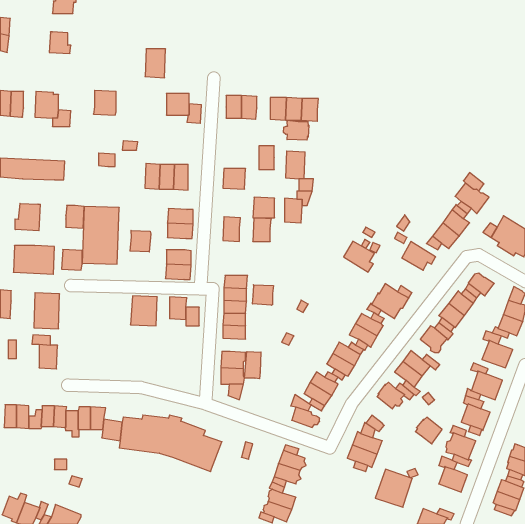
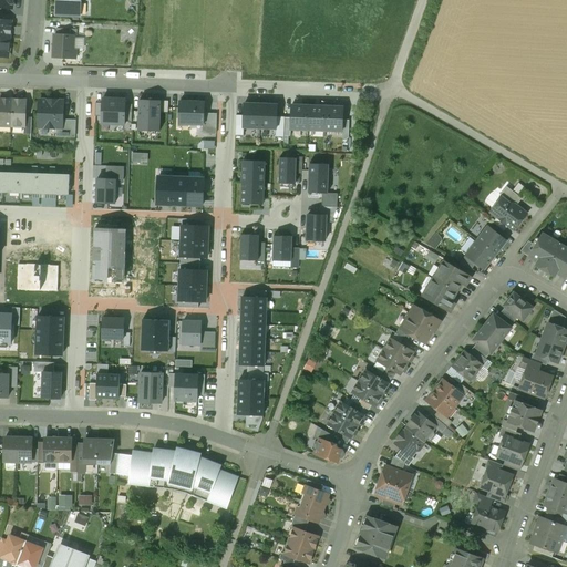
building: [145,49,166,78] -> [138,100,161,131]
building: [284,120,309,140] -> none
building: [253,197,275,218] -> [241,159,265,182]
building: [15,203,40,231] -> none
building: [66,205,84,228] -> [96,178,116,203]
building: [130,230,151,252] -> none
building: [344,241,374,272] -> [423,278,456,311]
building: [62,250,82,270] -> [102,317,124,339]
building: [253,285,273,305] -> none
building: none -> [140,372,163,402]
building: none -> [96,373,120,398]
building: none -> [175,373,198,401]
building: [245,352,261,379] -> none
building: [415,417,442,444] -> [394,427,423,456]
building: [375,469,412,507] -> [355,516,395,557]

